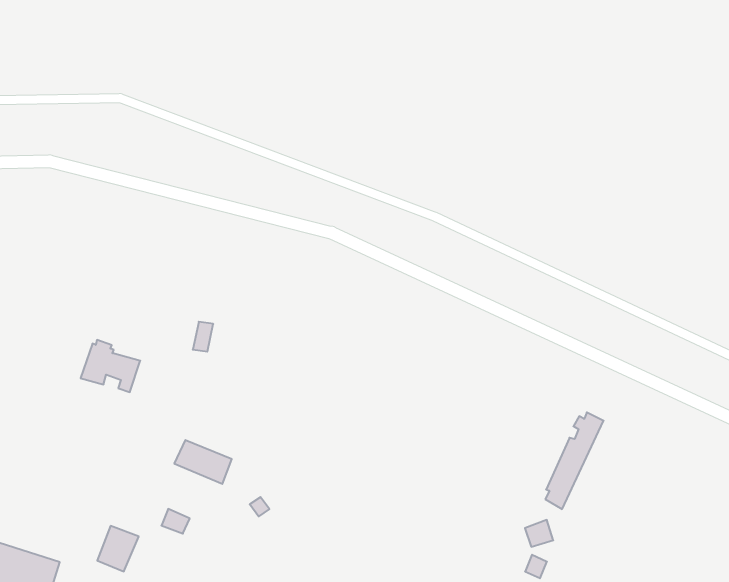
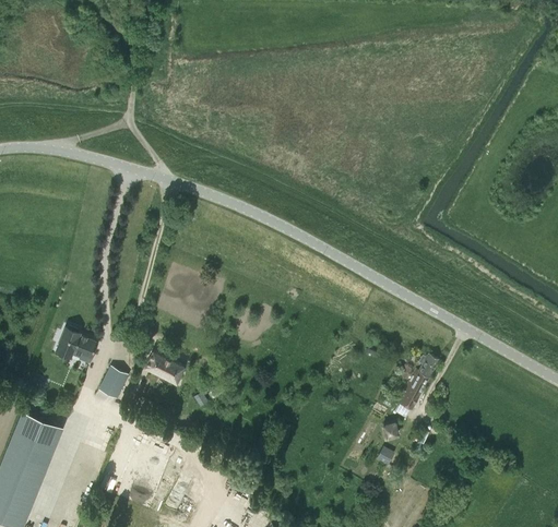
building: [81,340,140,392] -> [56,327,97,364]
building: [97,526,139,571] -> [99,368,129,399]

